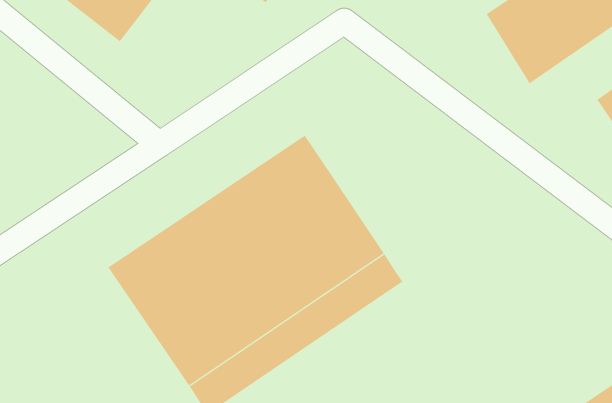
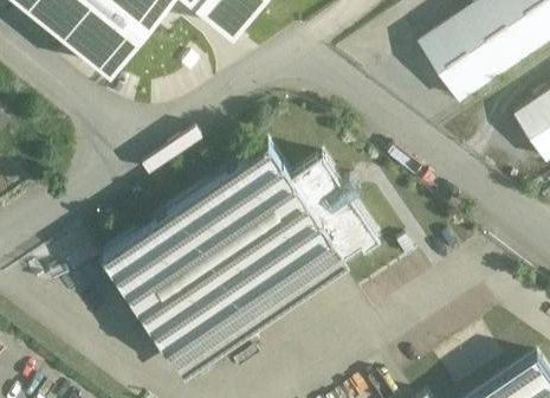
building: none -> [290,155,380,258]

